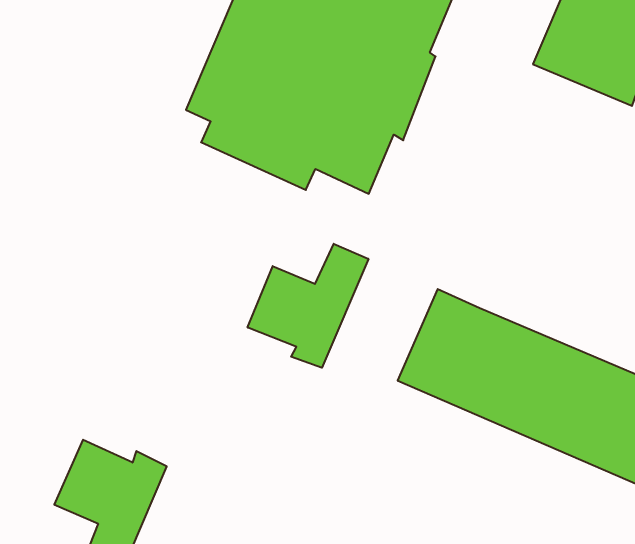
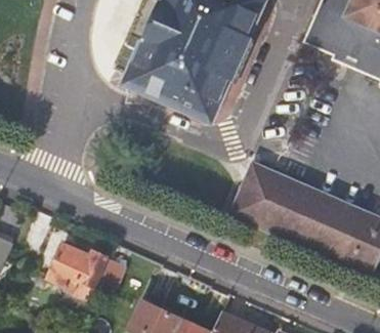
building: [248,244,368,368] -> none

